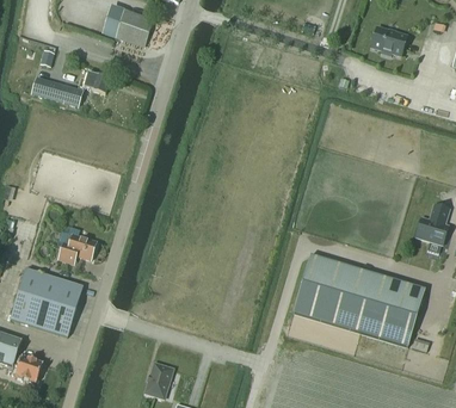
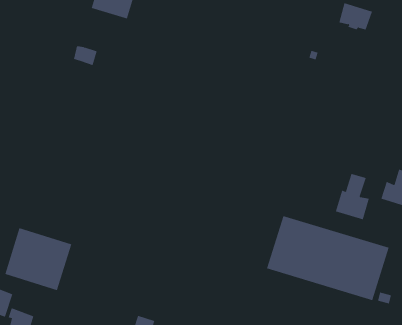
building: [32,76,82,106] -> none
building: none -> [335,173,370,220]
building: [60,234,97,262] -> none

